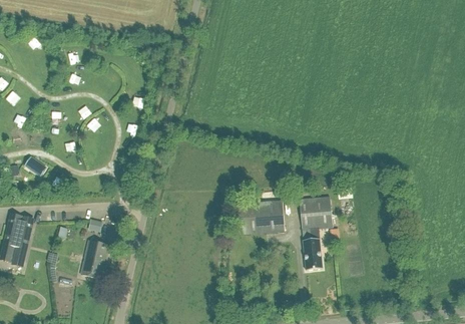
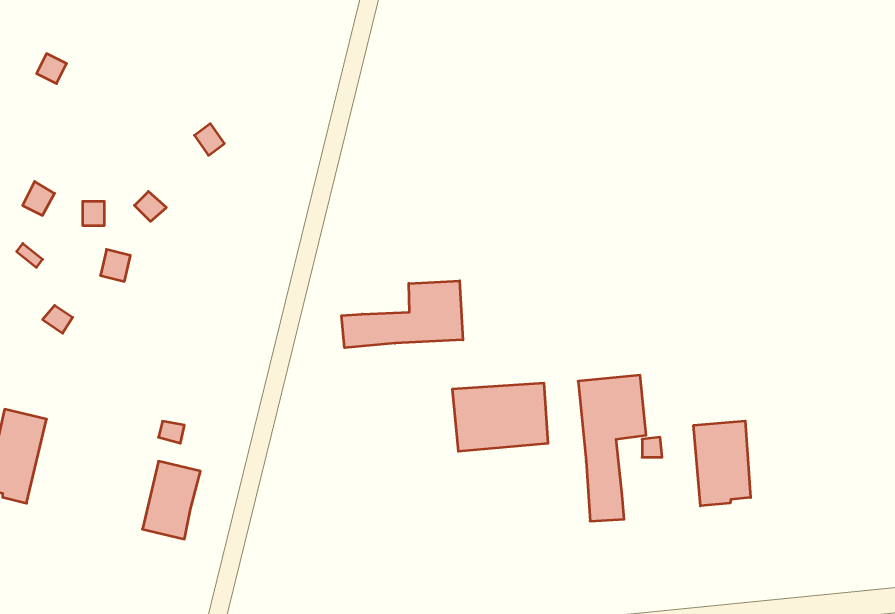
building: none -> [342,281,463,348]
building: none -> [694,421,751,506]

